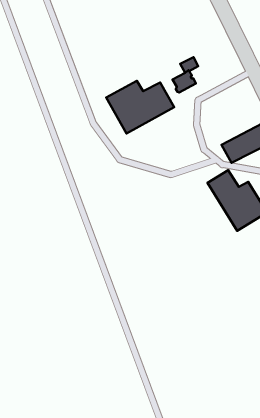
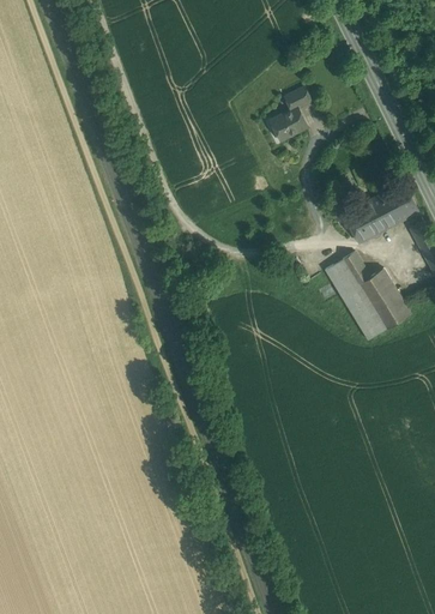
building: [106,81,174,134] -> none

